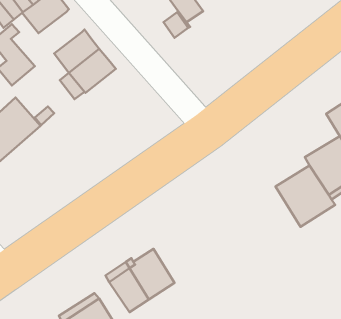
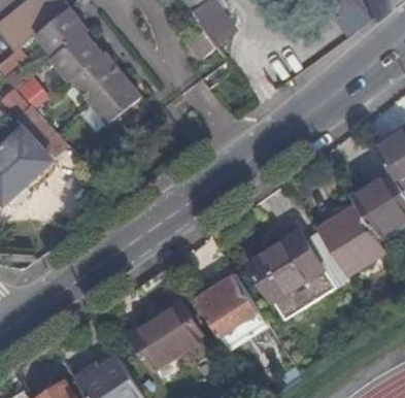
building: none -> [48,33,100,82]
building: none -> [249,229,345,321]
building: none -> [196,275,260,337]

